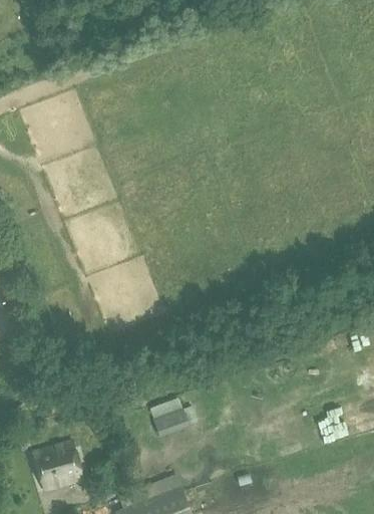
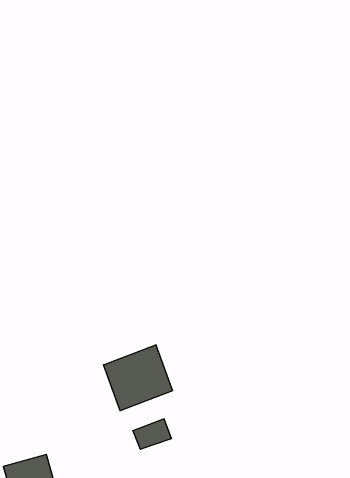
building: none -> [103,345,173,411]

